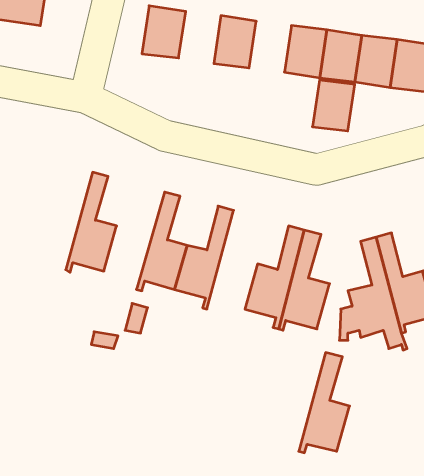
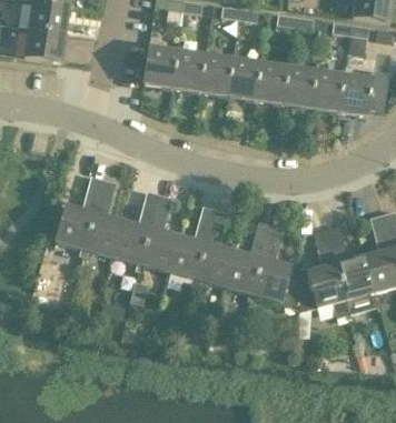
building: none -> [171,51,205,92]
building: [312,80,355,131] -> [227,59,260,99]
building: none -> [56,174,103,254]
building: none -> [112,190,160,270]
building: [299,353,350,453] -> [194,208,234,286]

